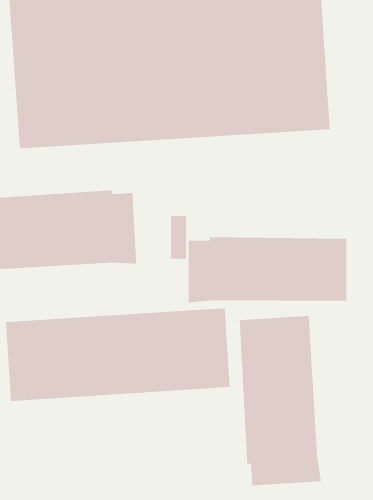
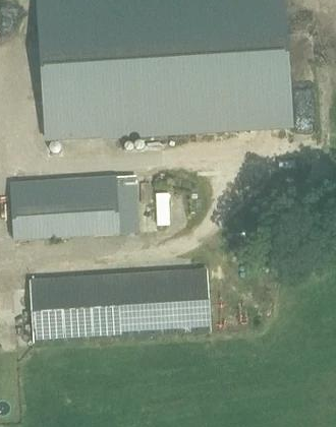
building: [188,236,347,303] -> none
building: [239,315,322,486] -> none

